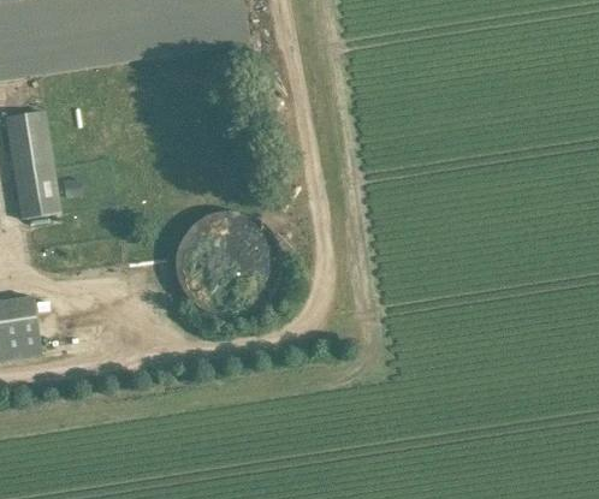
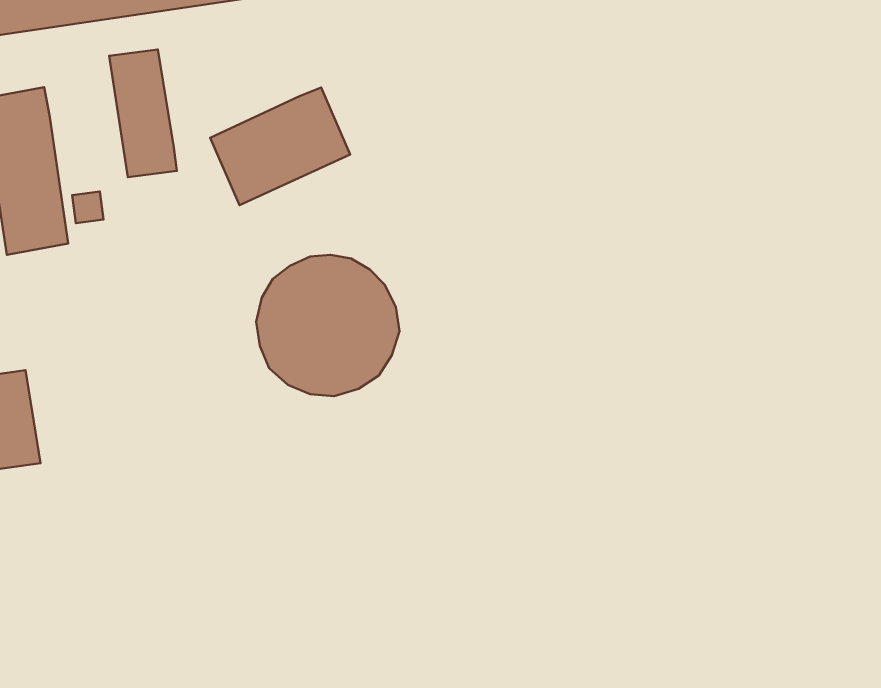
building: none -> [109,49,177,177]
building: none -> [210,87,350,205]

